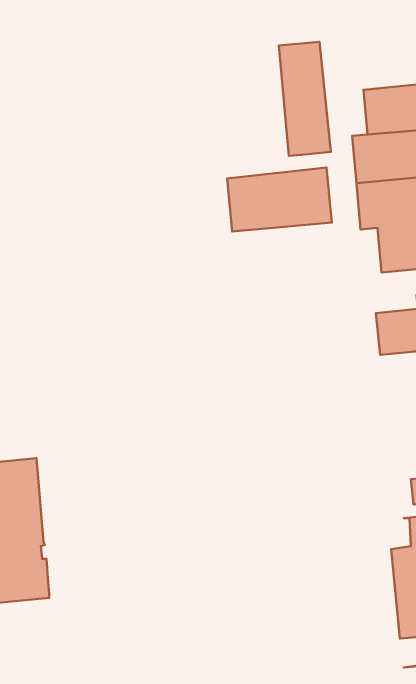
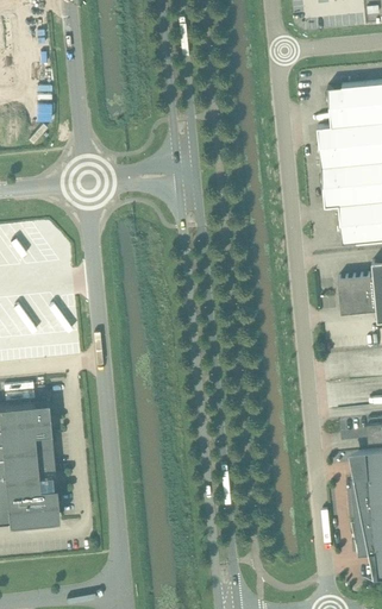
building: [279,42,331,156] -> none
building: [227,168,332,232] -> none

